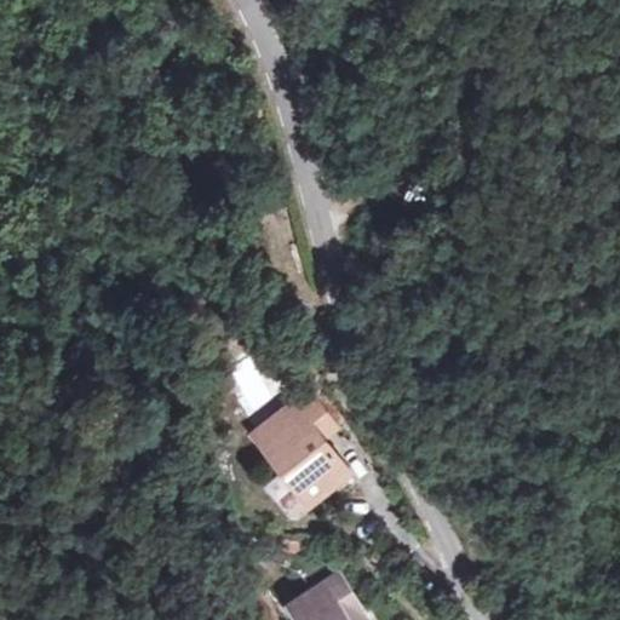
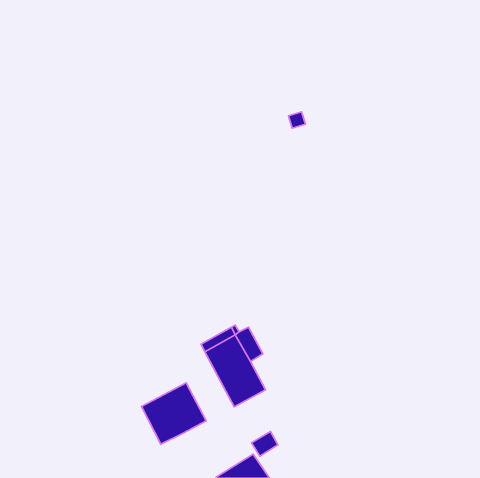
building: none -> [141,383,206,444]

